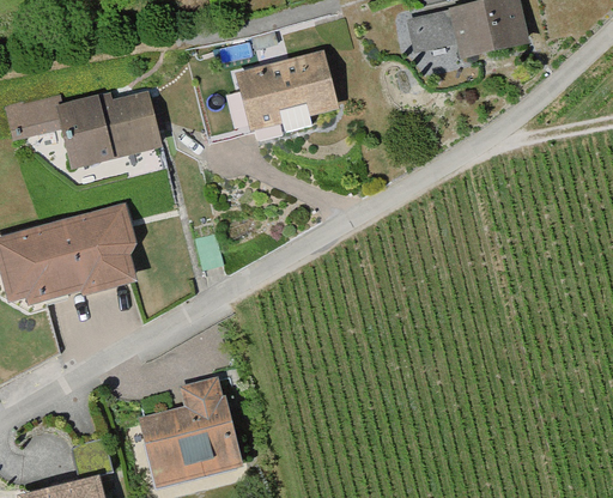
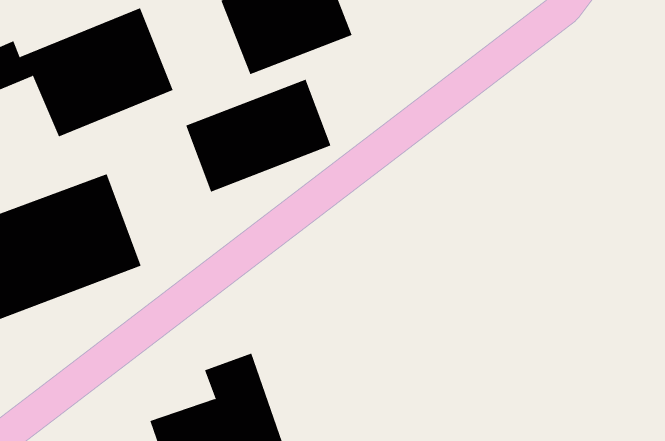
building: none -> [185,79,331,192]

